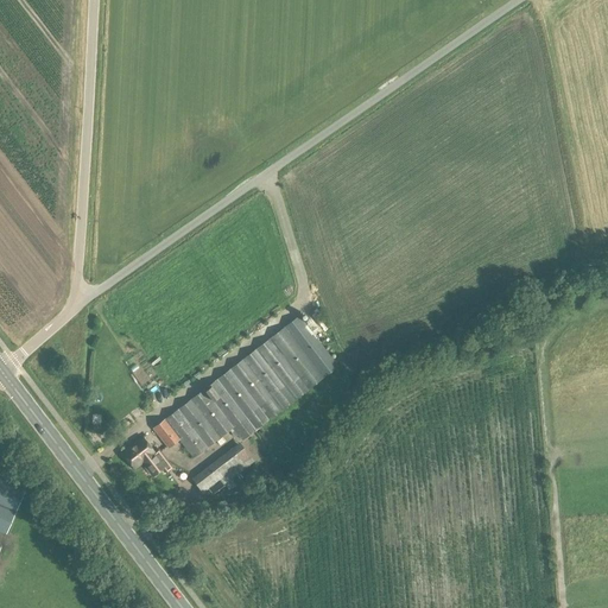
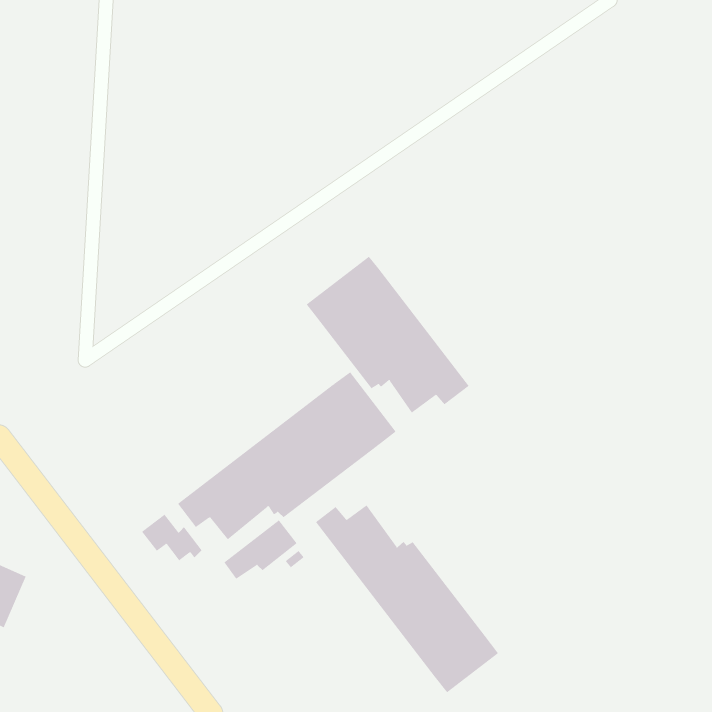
building: none -> [306,256,469,413]
building: none -> [315,505,499,693]

